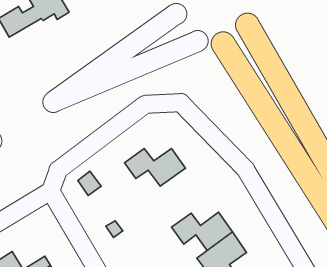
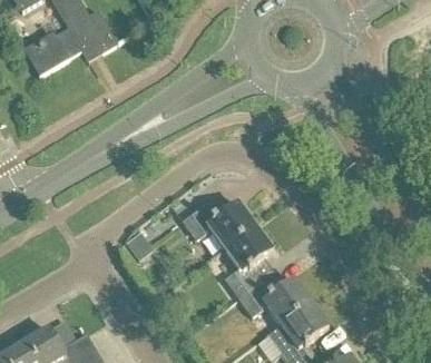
building: none -> [224,226,271,296]

